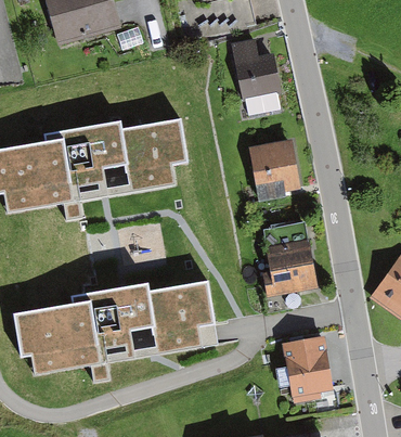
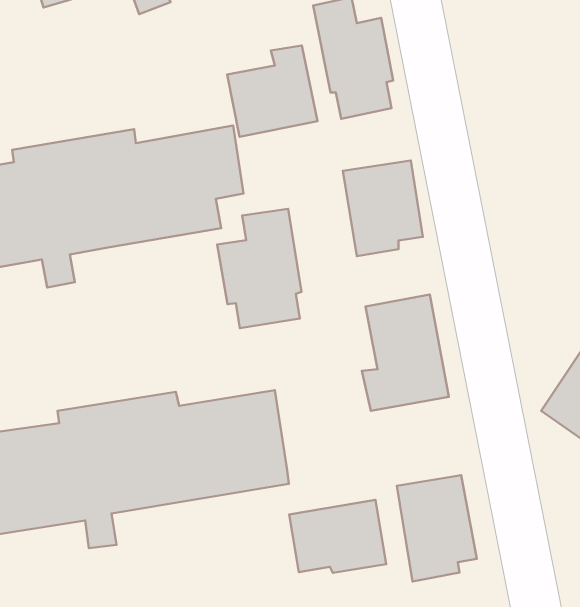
building: none -> [227,46,317,137]
building: none -> [217,209,302,328]
building: none -> [289,500,386,573]

